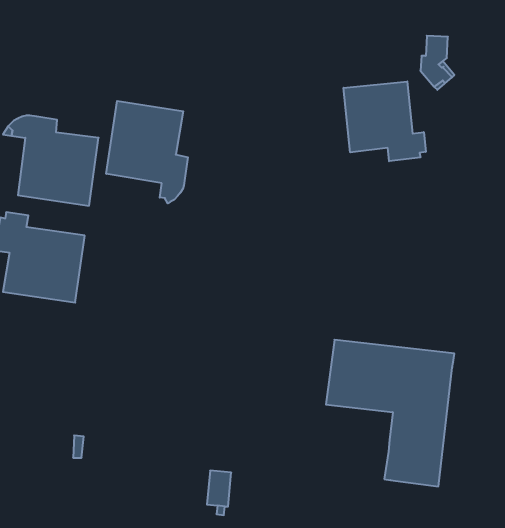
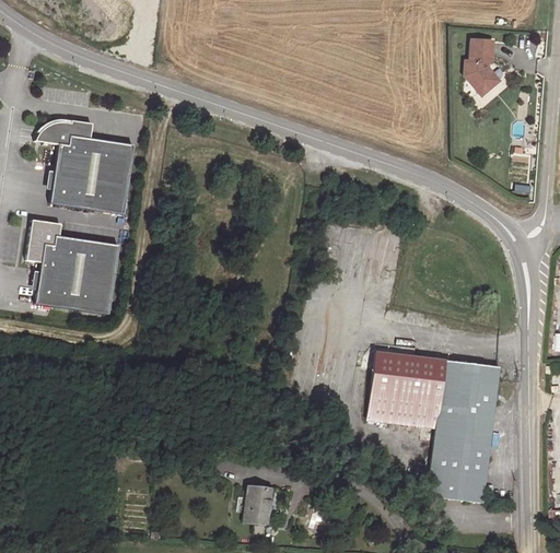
building: [344,81,426,161] -> none
building: [106,101,188,203] -> none

